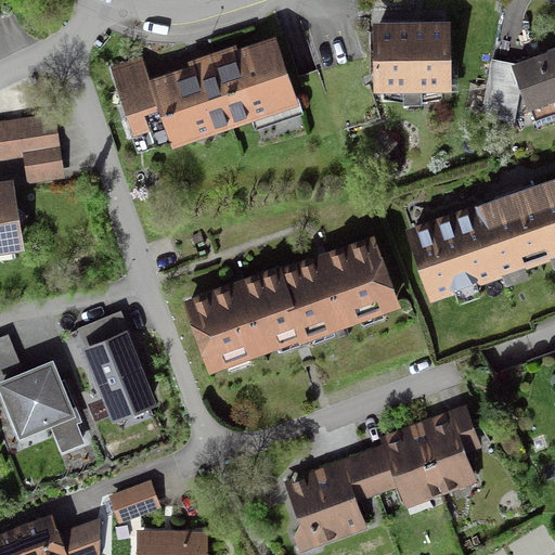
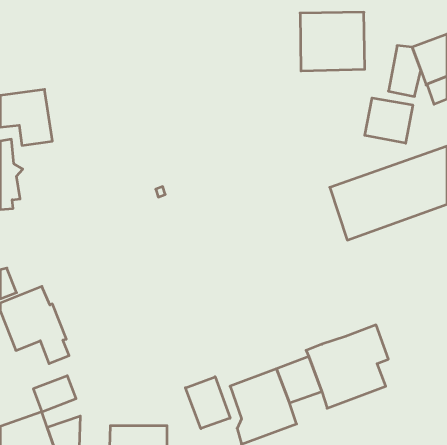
building: [115,44,295,154] -> none
building: none -> [365,98,413,143]
building: [186,242,396,370] -> none
building: [77,311,157,421] -> none
building: none -> [185,377,230,429]
building: [108,480,162,525] -> [33,376,76,412]

